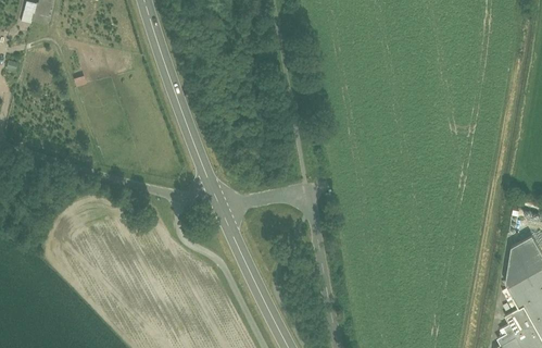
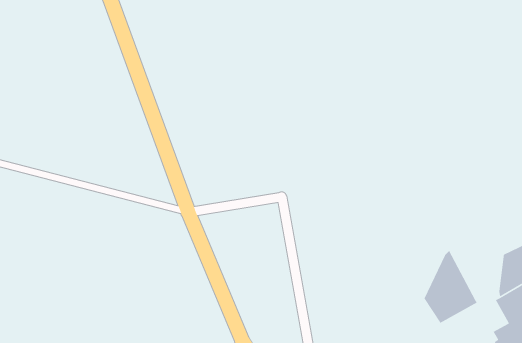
building: none -> [423,250,478,324]

